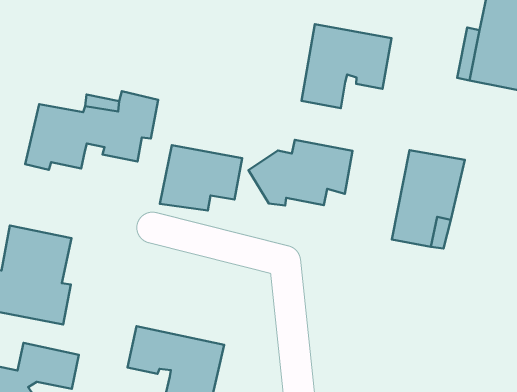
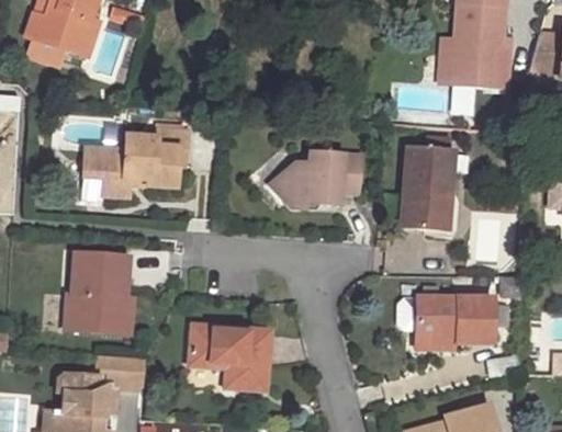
building: [302,24,392,108] -> none
building: [160,145,242,210] -> none
building: none -> [416,296,494,339]

